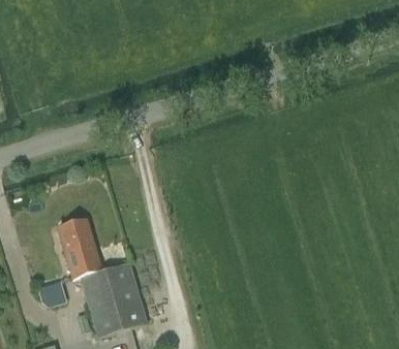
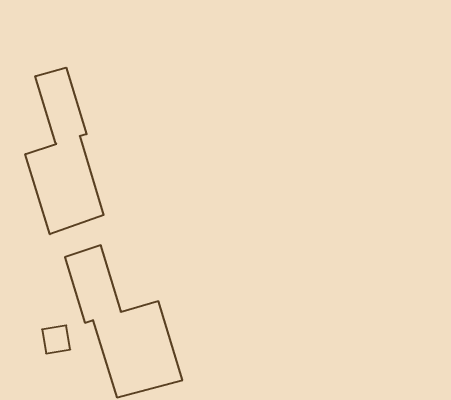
building: none -> [25,68,104,234]

